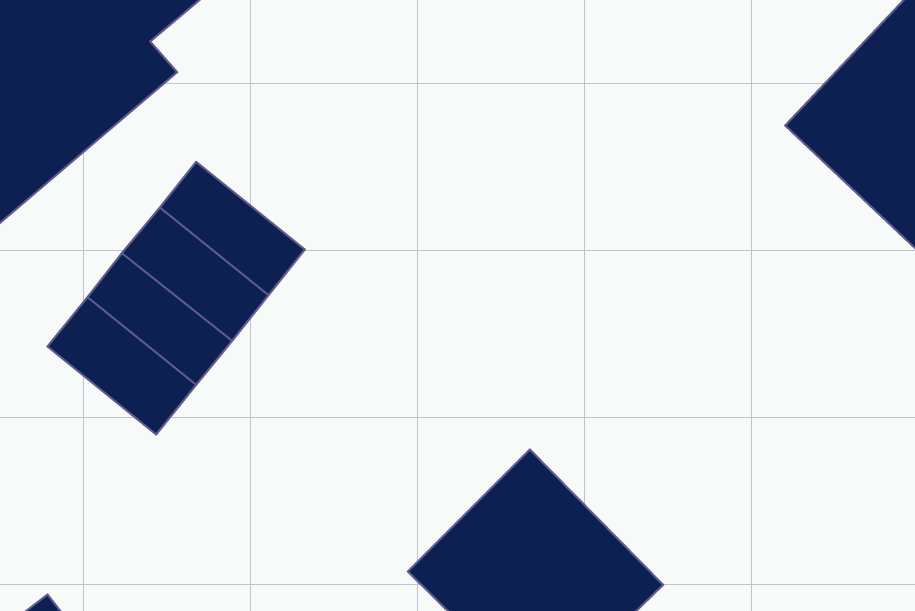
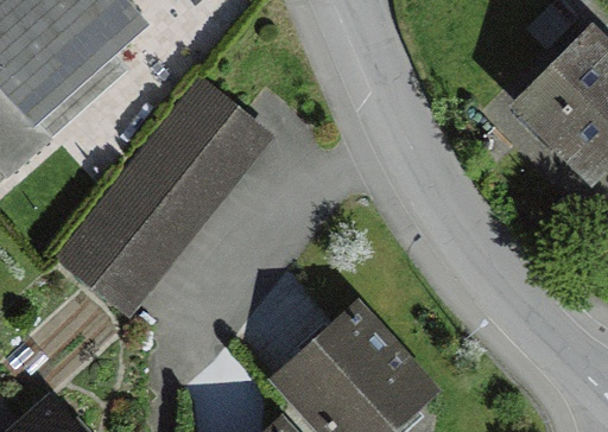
building: none -> [151,75,265,186]

